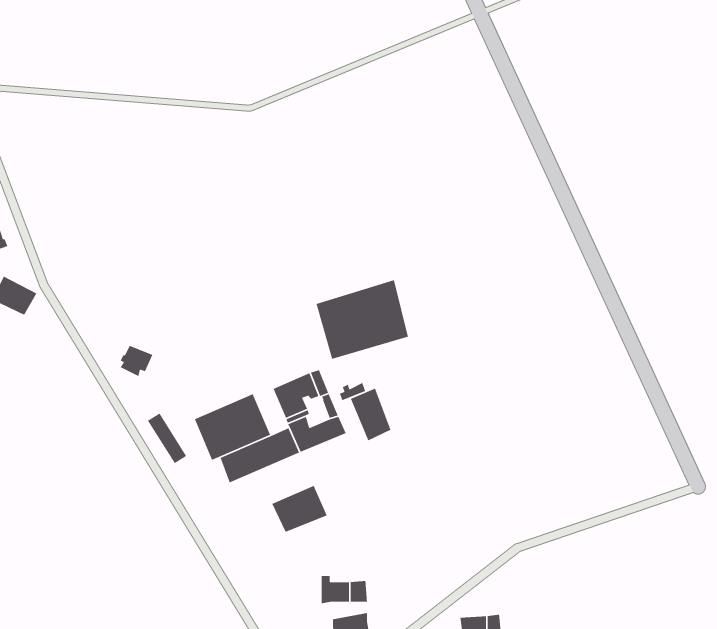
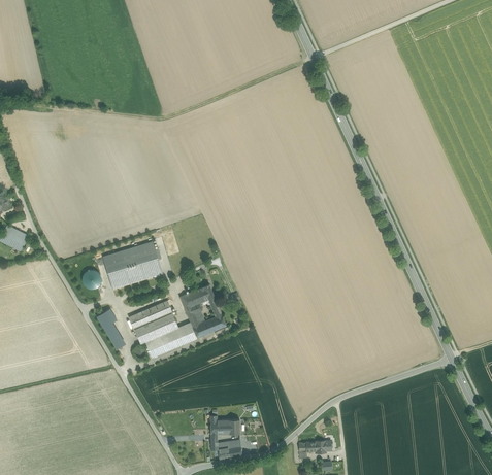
building: [315,279,409,360] -> [102,239,162,291]
building: [350,388,391,441] -> none
building: [271,485,328,533] -> none

